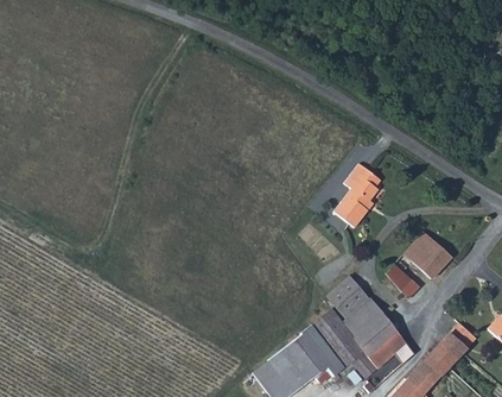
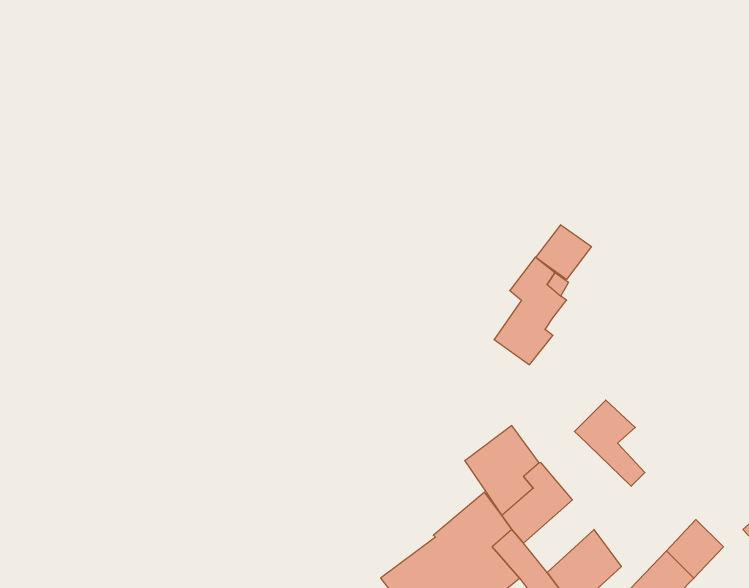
building: none -> [536,225,591,279]
building: [403,231,451,277] -> none
building: [354,311,396,355] -> none

